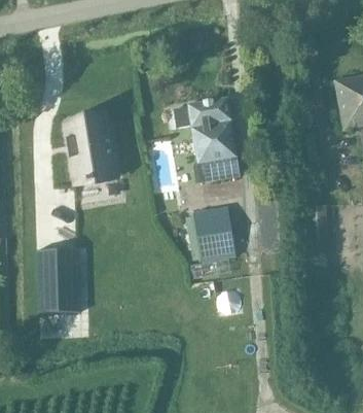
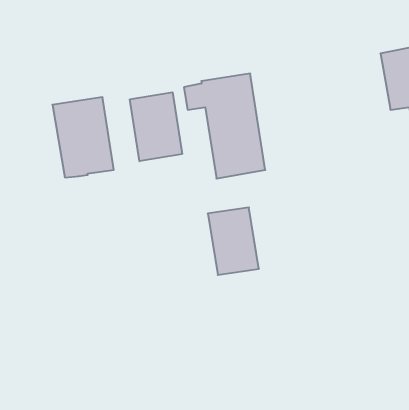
building: none -> [130,92,182,161]
building: [36,249,80,313] -> none

